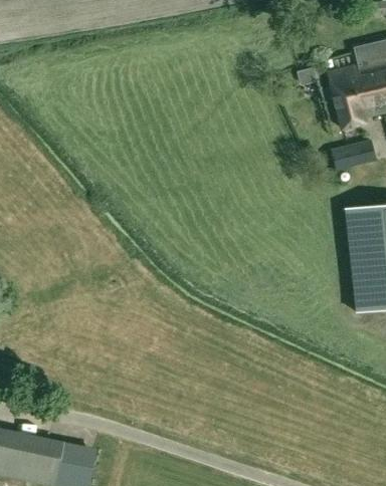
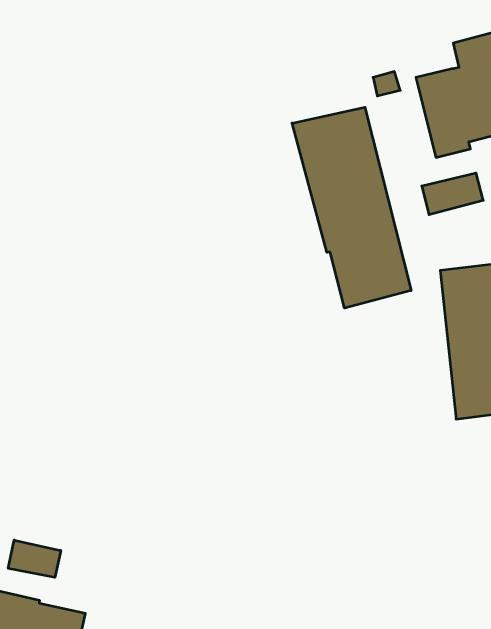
building: none -> [292,107,411,308]
building: none -> [8,540,61,577]

